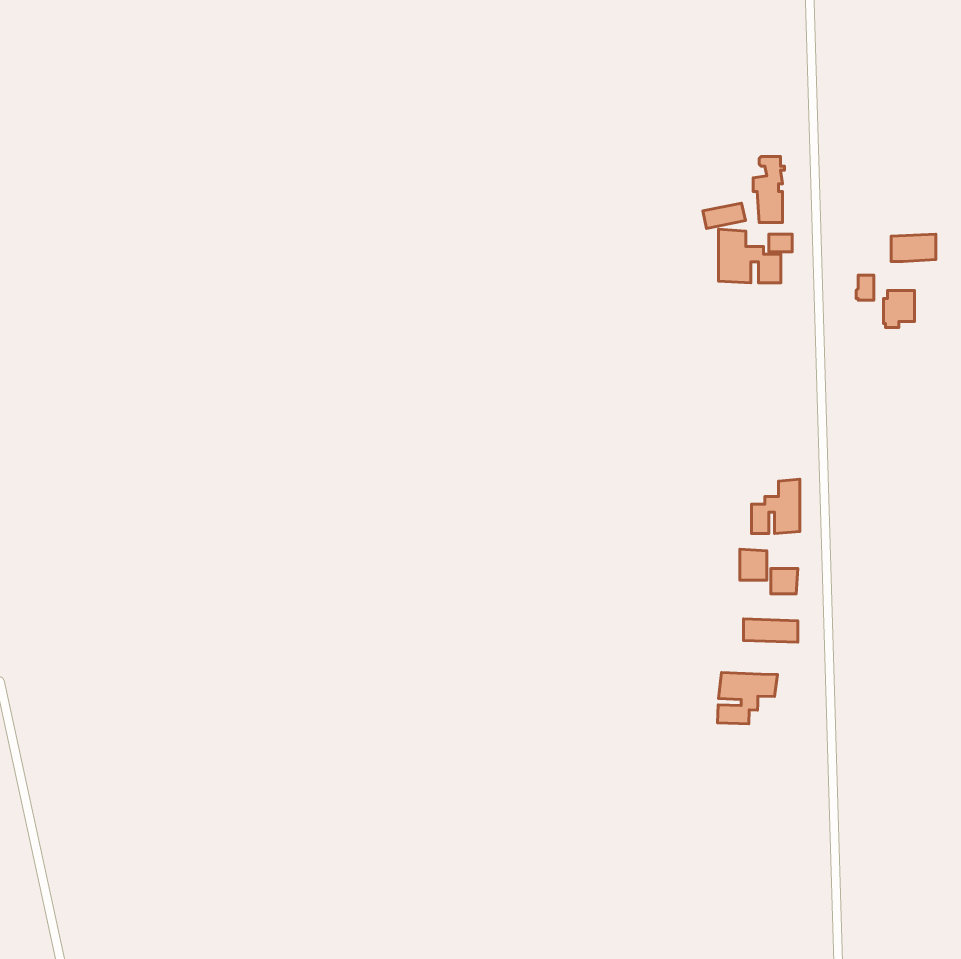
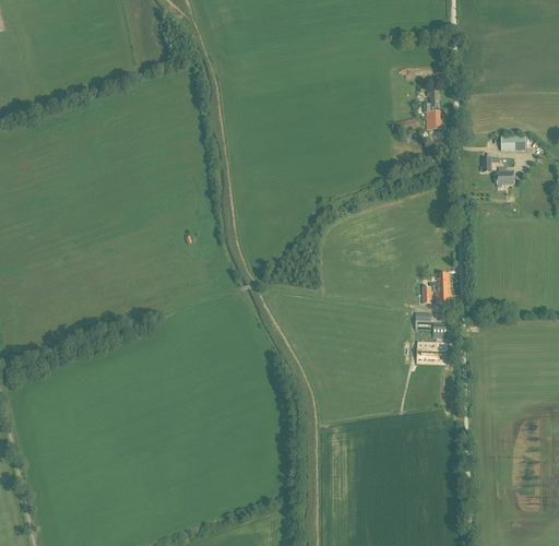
building: [718,229,781,283] -> none
building: [718,673,777,724] -> none

